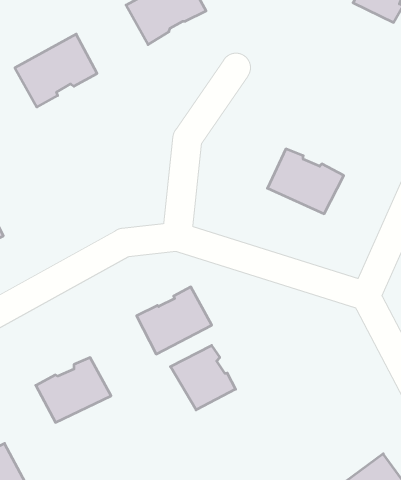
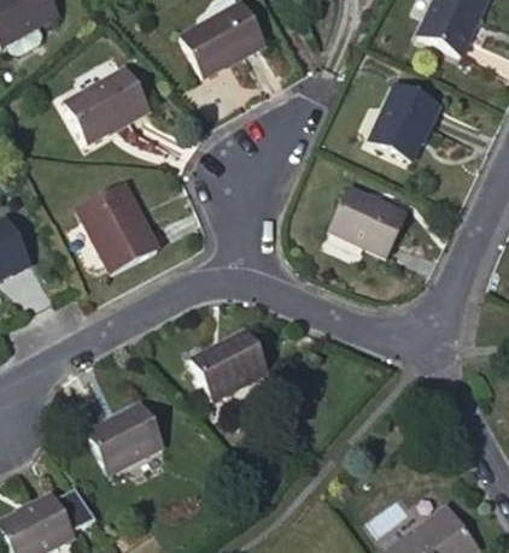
building: none -> [368,82,437,159]
building: none -> [77,183,158,272]
building: [170,345,236,410] -> none

